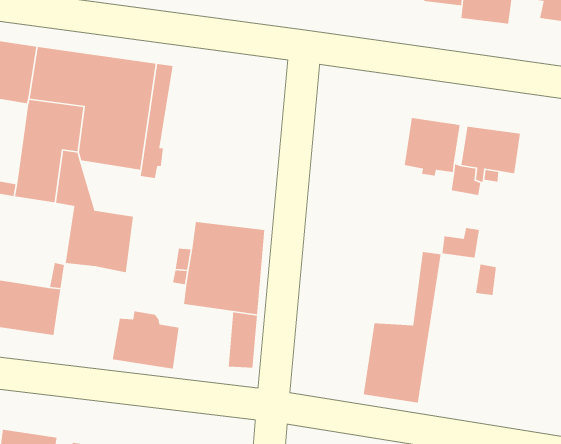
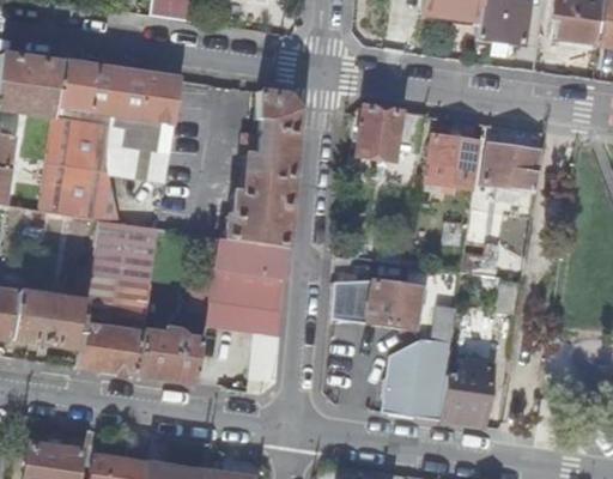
building: none -> [156,91,298,244]
building: none -> [358,105,425,158]
building: none -> [329,269,419,326]
building: none -> [73,281,148,374]
building: none -> [438,359,492,423]

